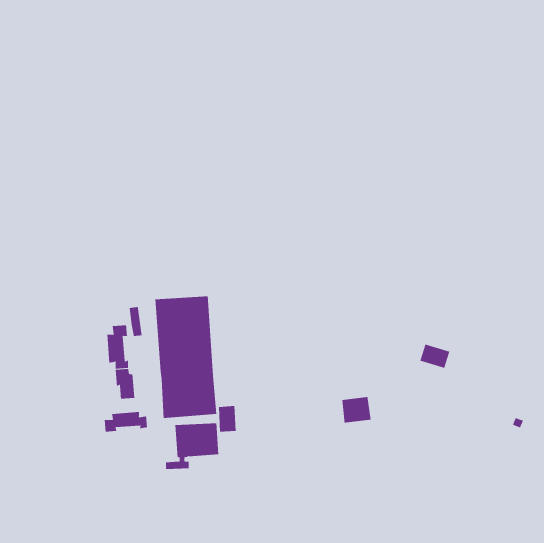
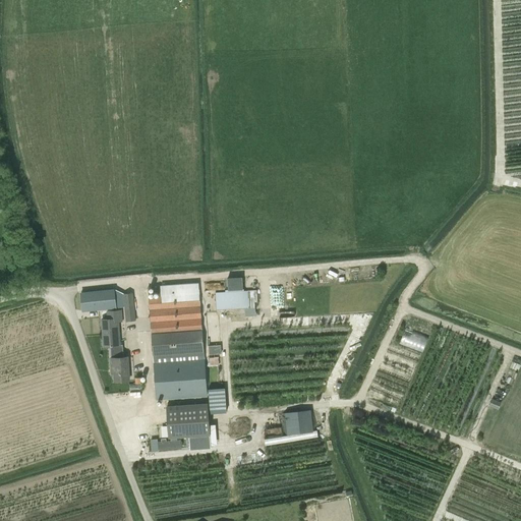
building: none -> [81,290,116,312]
building: none -> [216,291,257,310]
building: [342,397,371,423] -> [283,410,311,436]
building: [104,411,148,432] -> none

